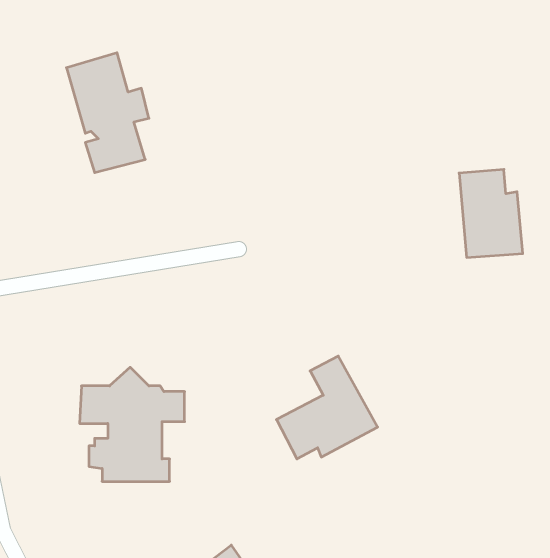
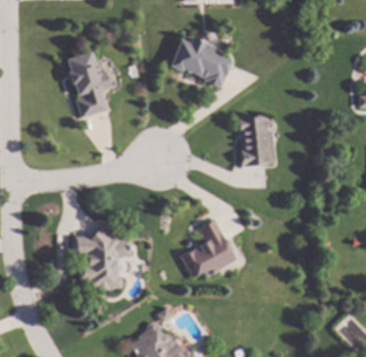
building: none -> [171,36,231,86]
building: [459,169,523,257] -> [240,117,275,166]

